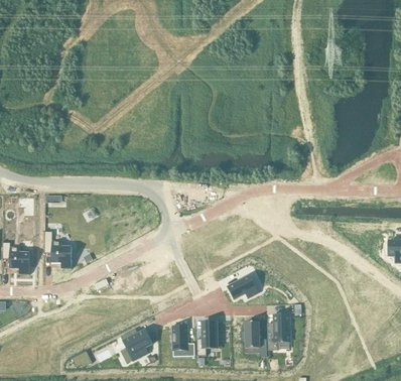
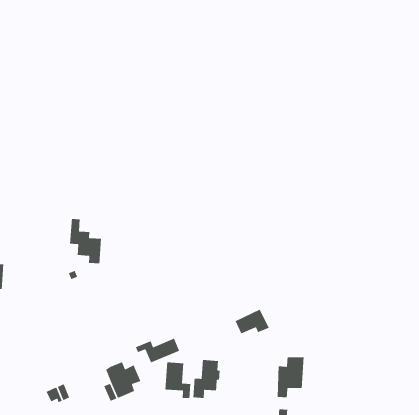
building: [44,230,72,267] -> [69,218,102,264]
building: none -> [135,338,180,364]
building: [241,321,267,355] -> none

